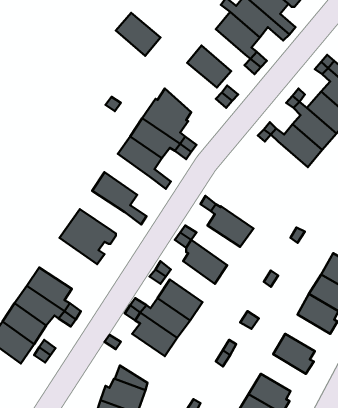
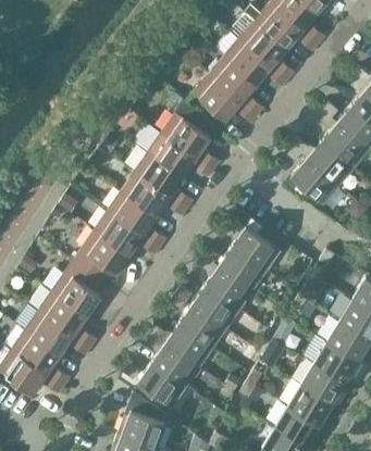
building: [116,13,161,56] -> [193,75,240,121]
building: none -> [224,39,271,84]
building: none -> [289,159,337,204]
building: none -> [121,172,186,216]
building: none -> [95,211,160,254]
building: none -> [218,248,265,290]
building: none -> [51,261,113,315]
building: none -> [190,286,238,329]
building: none -> [313,342,361,381]
building: none -> [137,363,185,408]
building: none -> [287,385,335,424]

